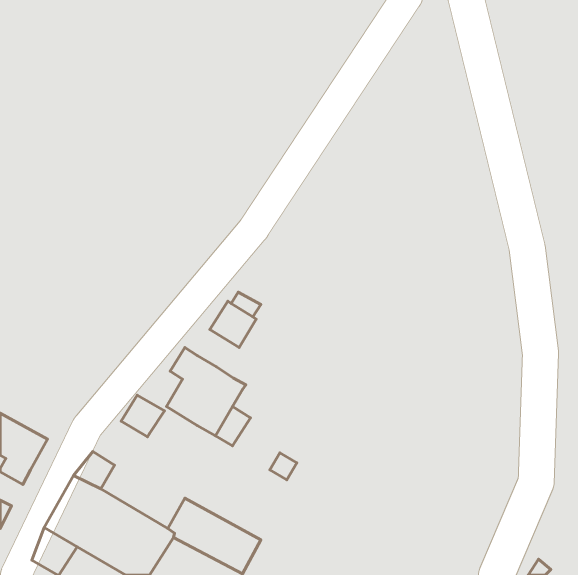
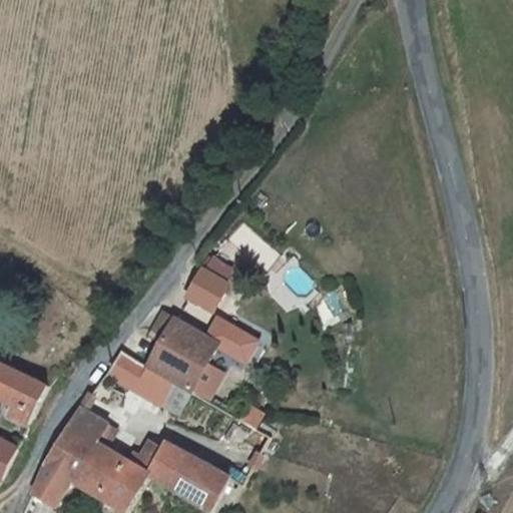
building: none -> [207,316,260,362]
building: none -> [133,360,175,401]

